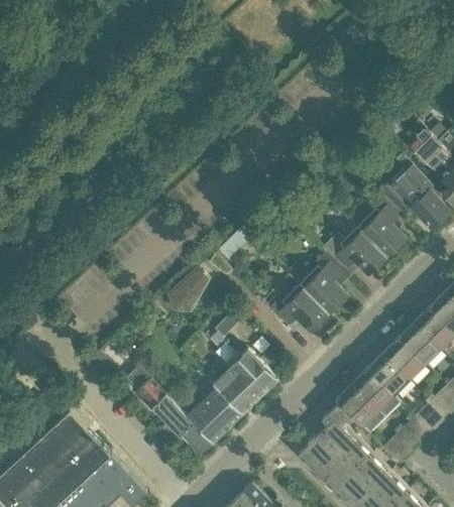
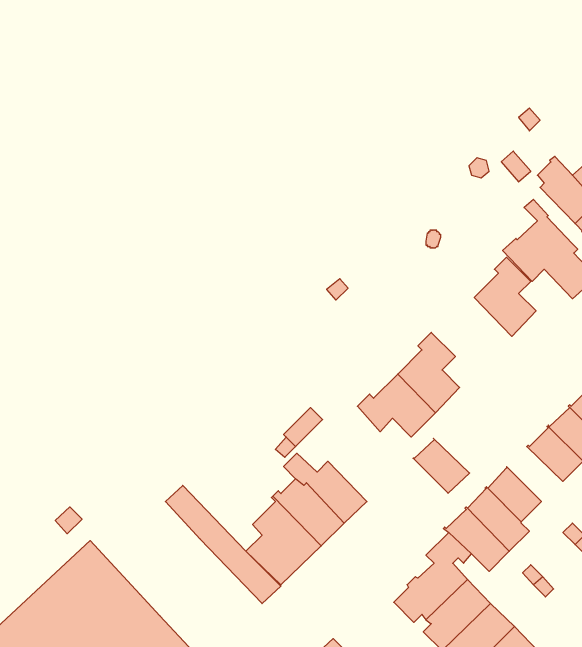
building: [322,227,386,274] -> none
building: [166,267,206,312] -> none
building: [382,339,425,380] -> [413,438,470,493]

